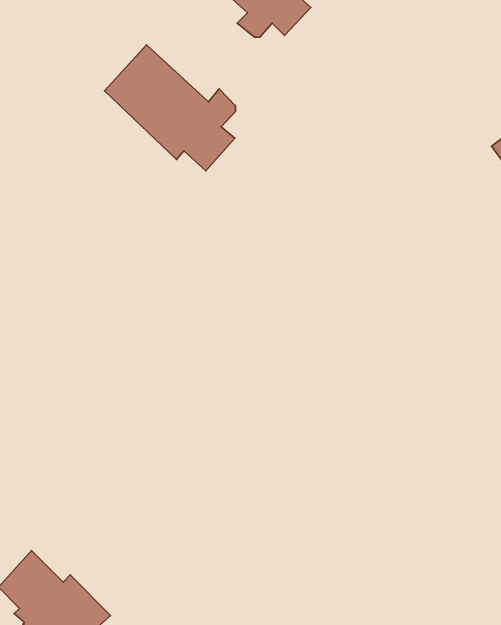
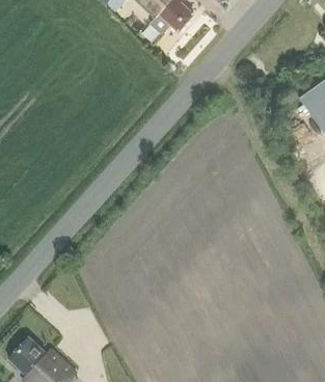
building: [105,45,236,171] -> none

